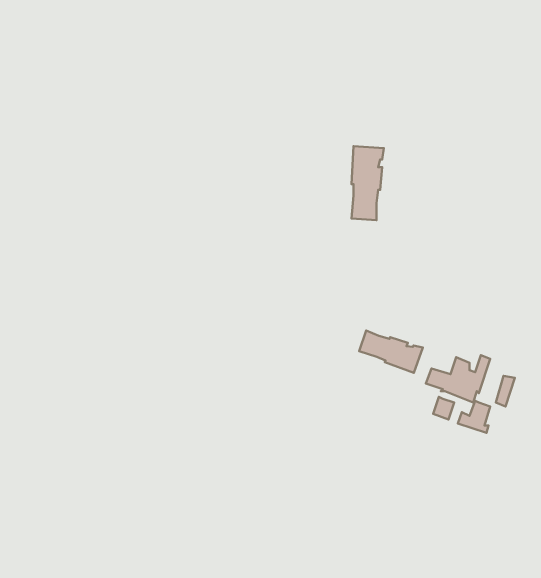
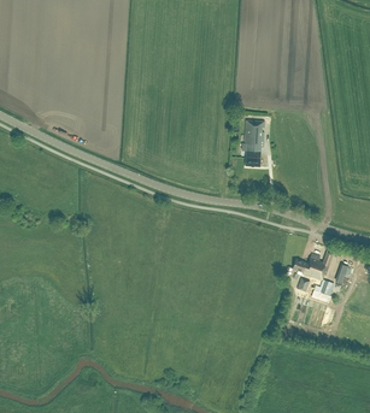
building: [359,330,423,373] -> none

